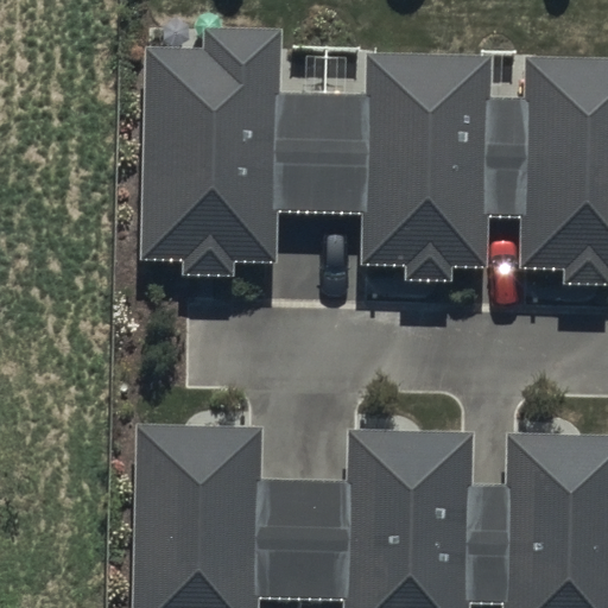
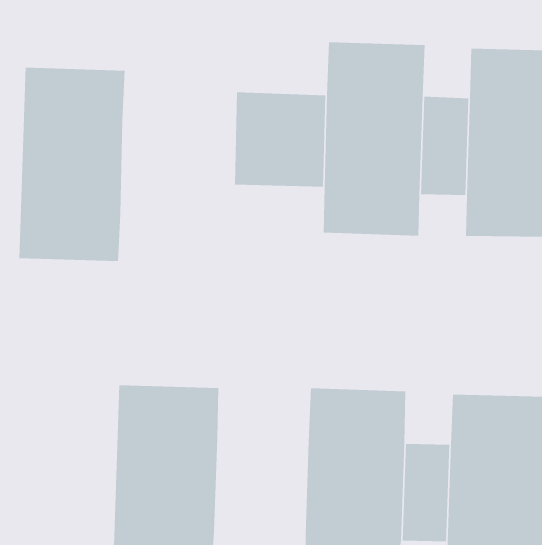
building: [151,44,270,260] -> [18,67,125,262]
building: [243,488,347,595] -> none

